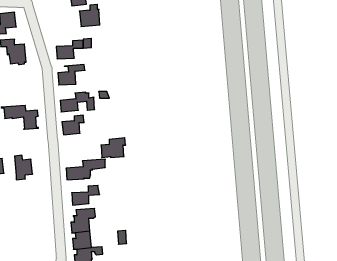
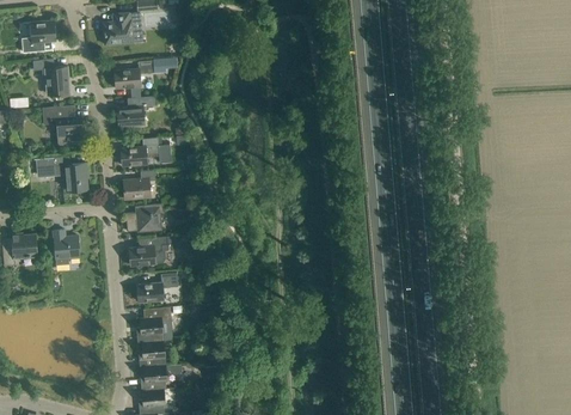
building: [79,4,100,27] -> [103,12,133,44]
building: none -> [43,104,86,144]
building: [101,138,126,157] -> [127,202,162,231]

